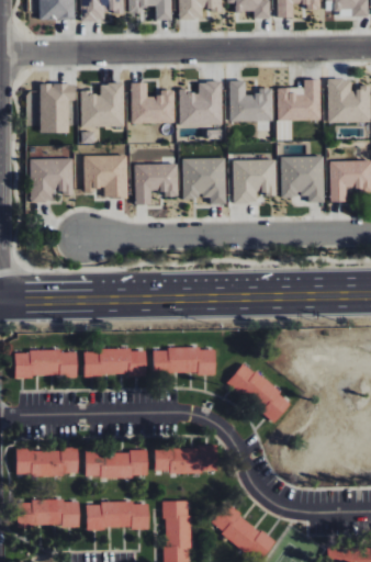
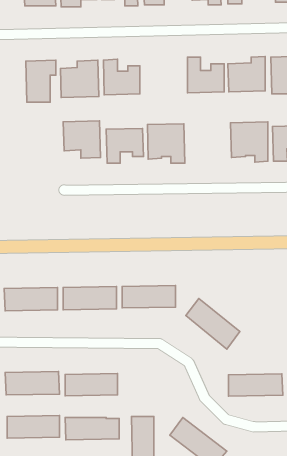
building: [179,81,222,126] -> none
building: [30,158,72,202] -> none
building: [233,160,276,203] -> none
building: [155,447,218,473] -> [229,374,283,396]

